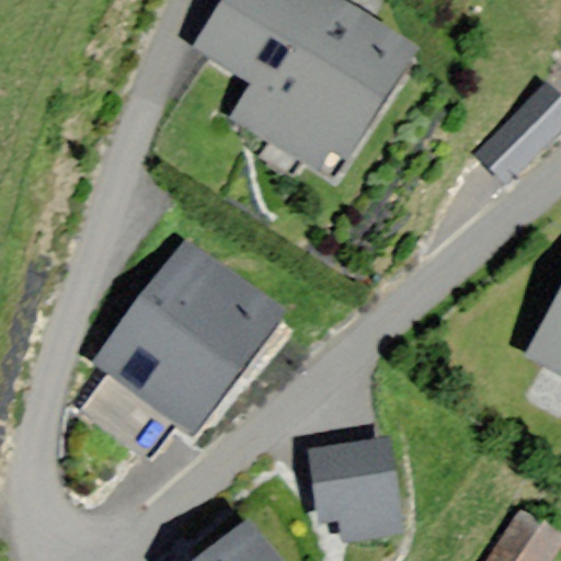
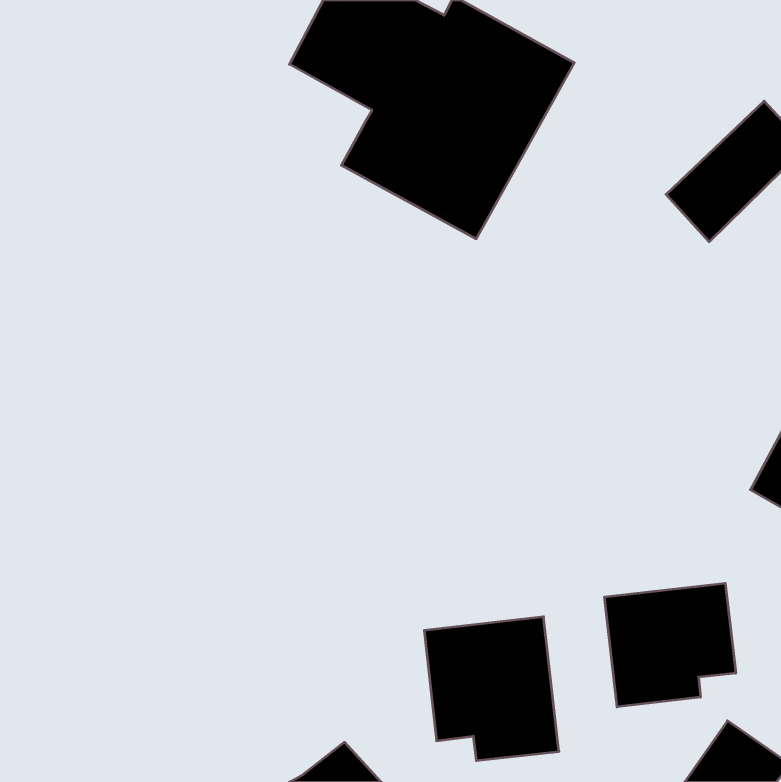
building: [106,253,276,427] -> none
building: none -> [605,583,736,707]

